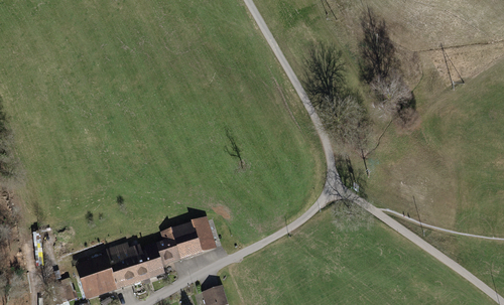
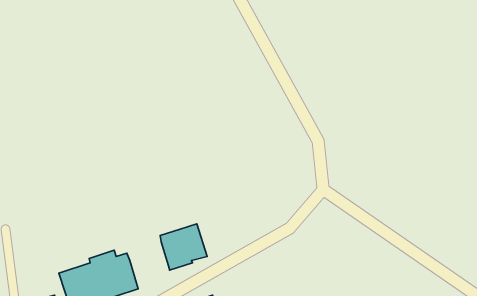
building: [142,226,180,278] -> none

